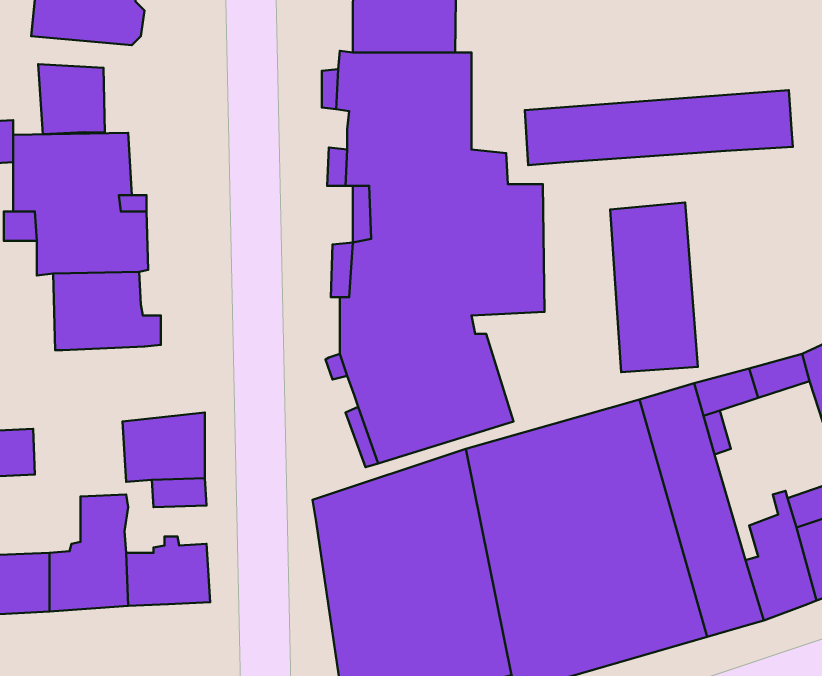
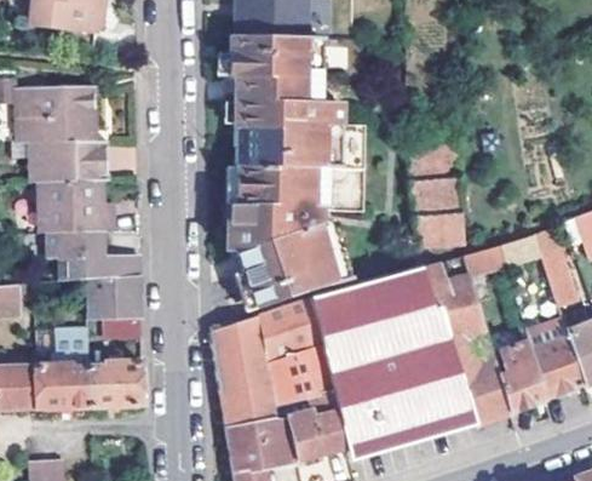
building: [38,64,105,134] -> none
building: [525,90,793,165] -> none
building: none -> [46,230,140,282]

